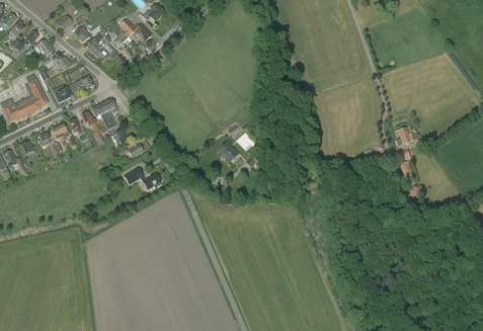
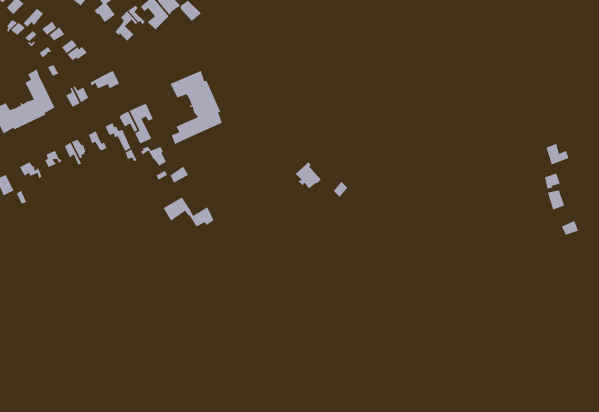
building: none -> [170,70,223,145]

